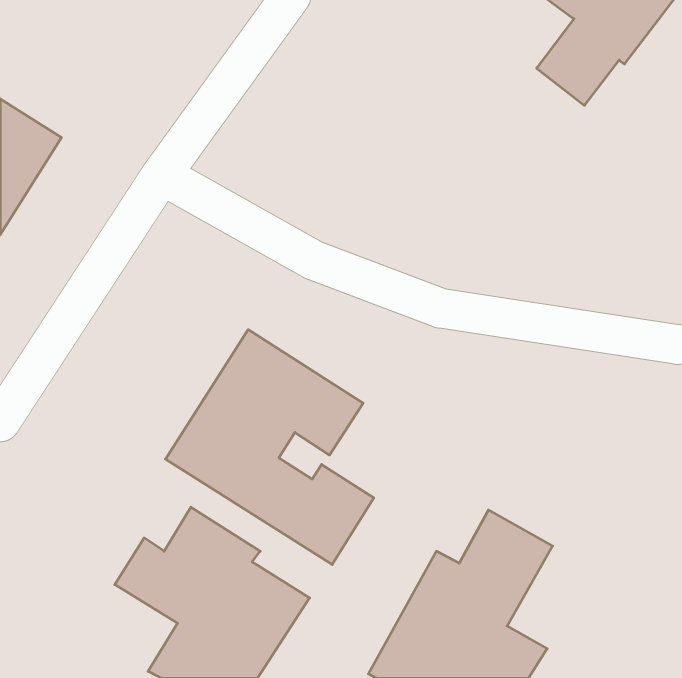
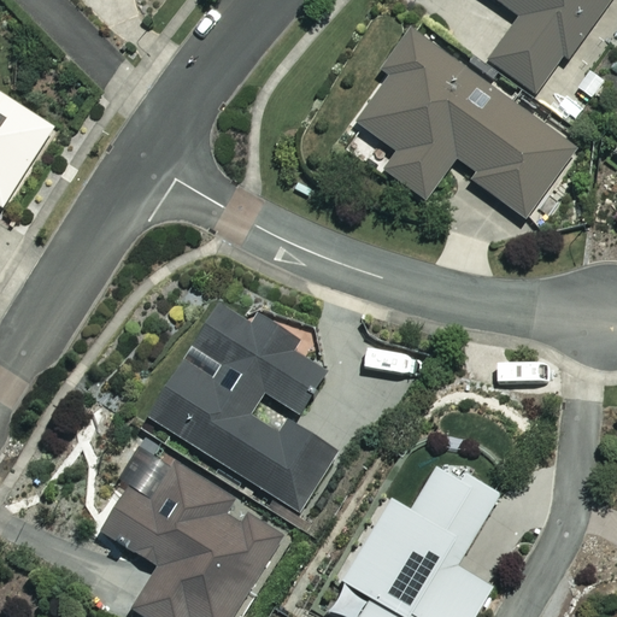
building: none -> [355,30,572,218]

